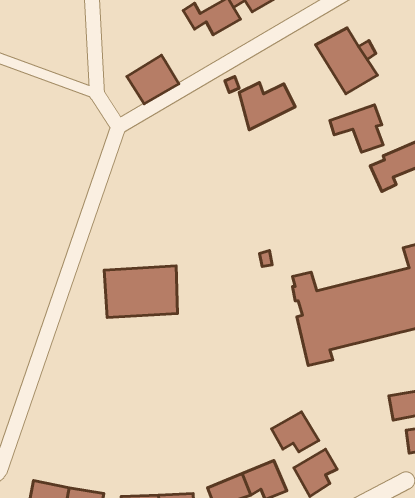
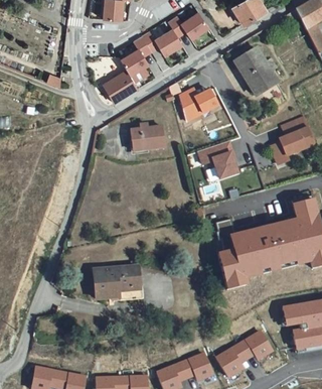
building: none -> [121,37,149,74]
building: [330,105,383,152] -> [199,142,236,175]
building: none -> [131,124,165,151]
building: [104,266,178,318] -> [88,264,139,300]
building: [271,412,319,452] -> [240,333,274,361]

